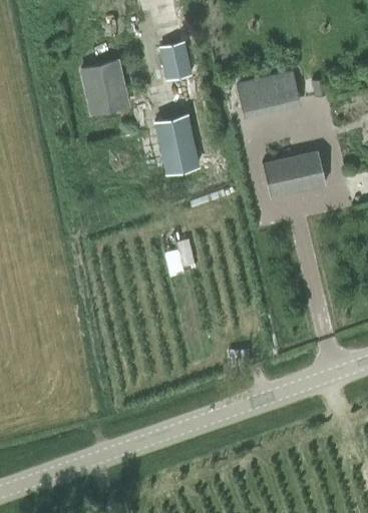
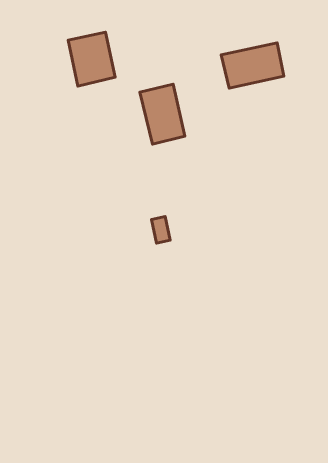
building: [158,41,193,80] -> none
building: [262,150,325,196] -> none

